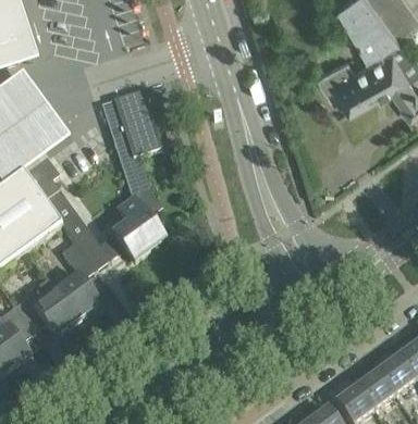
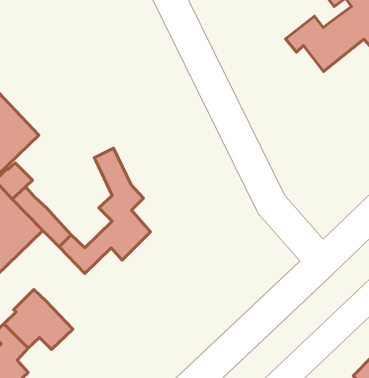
building: [100,92,160,164] -> none
building: [54,244,99,323] -> none

